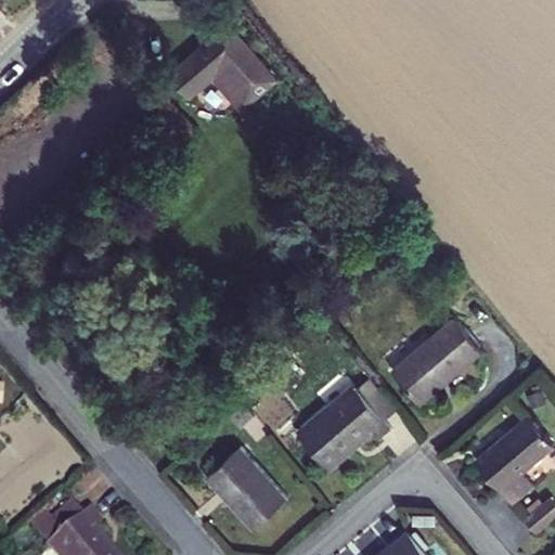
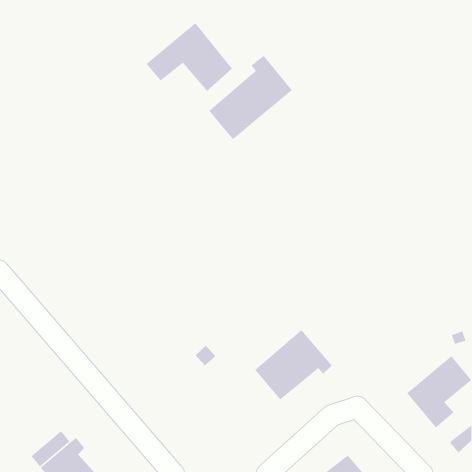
building: none -> [208,55,293,140]
building: [392,321,481,404] -> none
building: [206,449,287,530] -> none

